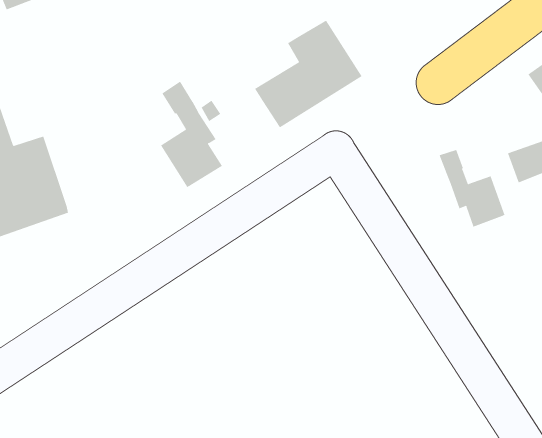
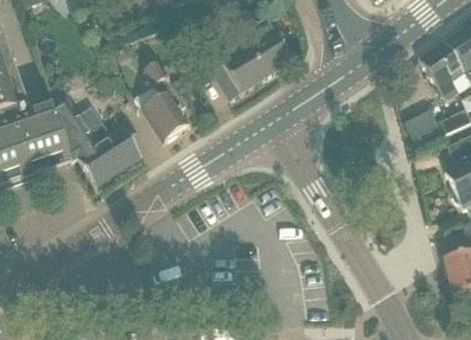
building: none -> [52,94,141,184]
building: [439,149,505,227] -> none

